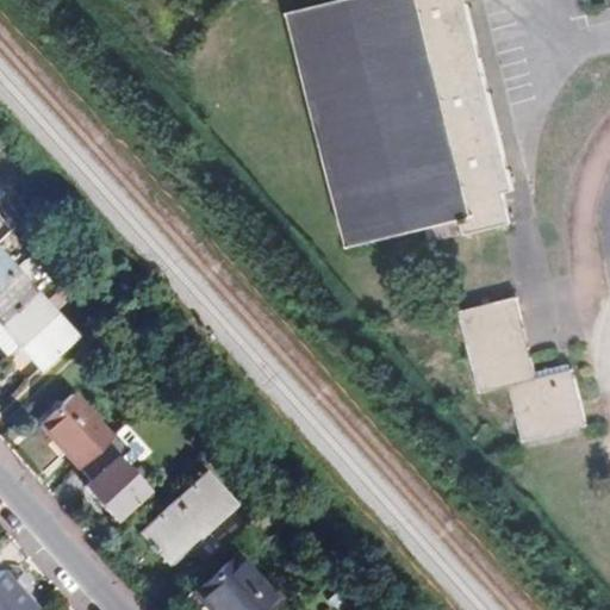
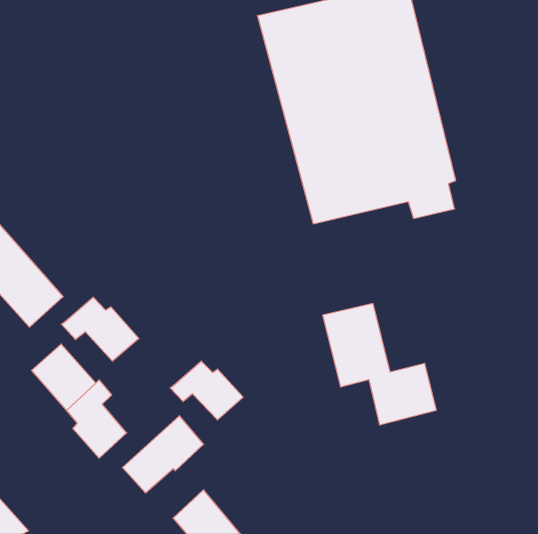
building: [458,299,586,436] -> [323,304,436,425]
building: none -> [61,297,139,361]
building: none -> [170,361,243,420]

